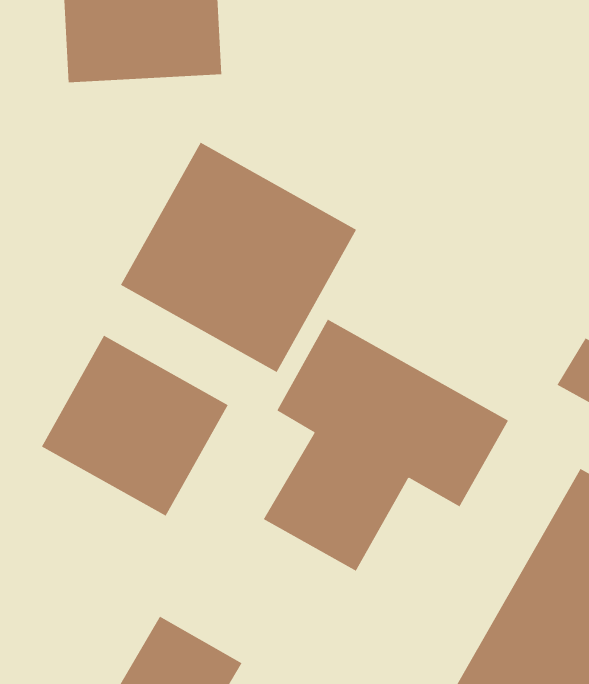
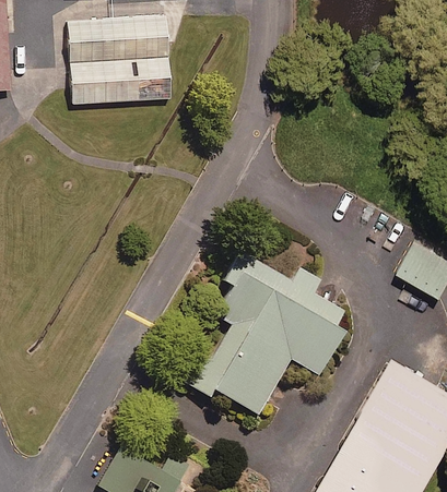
building: [120,142,357,373] -> none
building: [41,335,229,517] -> none

